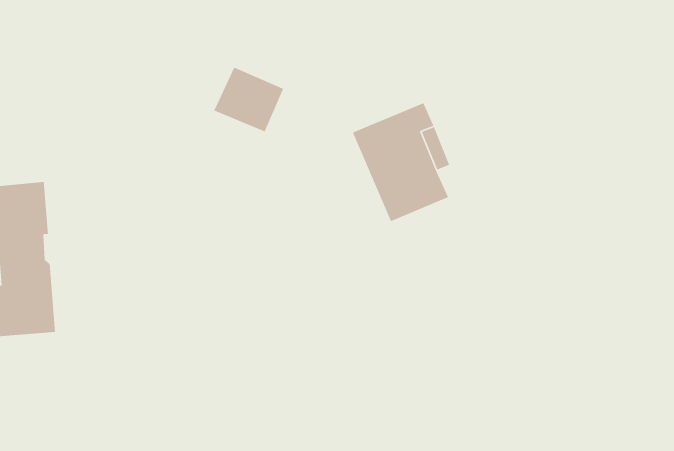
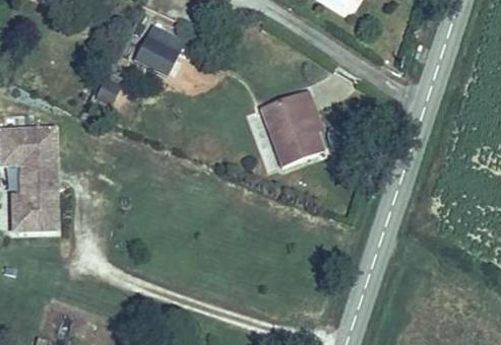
building: [213,67,284,132] -> [131,34,179,79]

